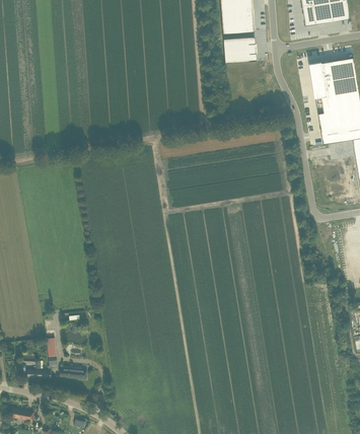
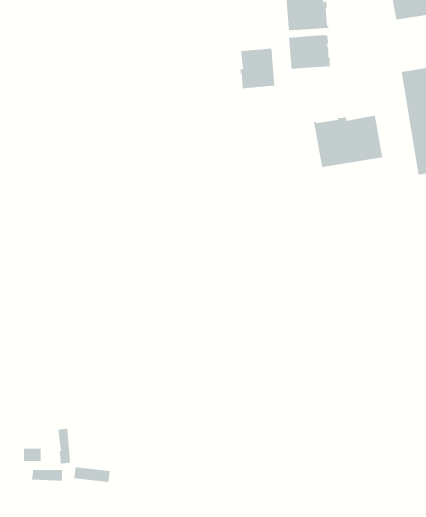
building: none -> [240,48,275,89]
building: none -> [313,115,383,168]

